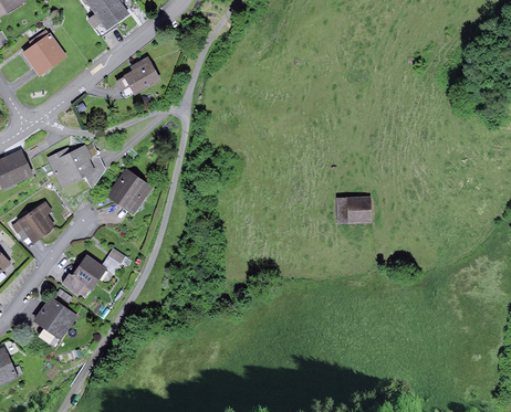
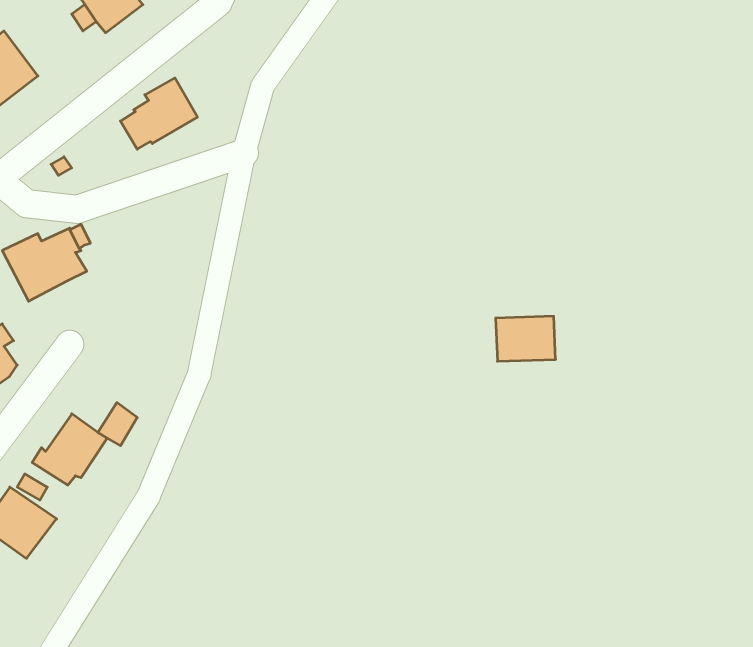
building: [106,168,153,214] -> none

